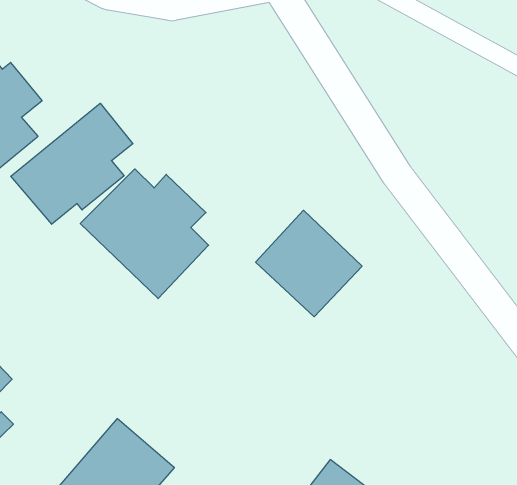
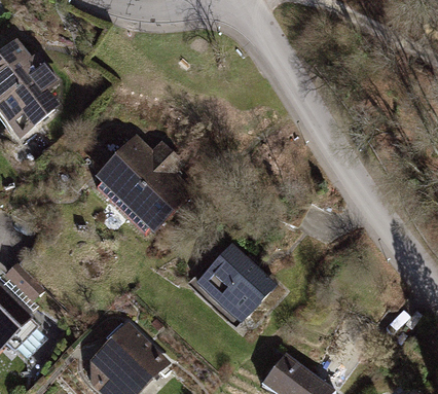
building: [11,103,133,224] -> none
building: [256,210,362,317] -> [193,244,273,324]

